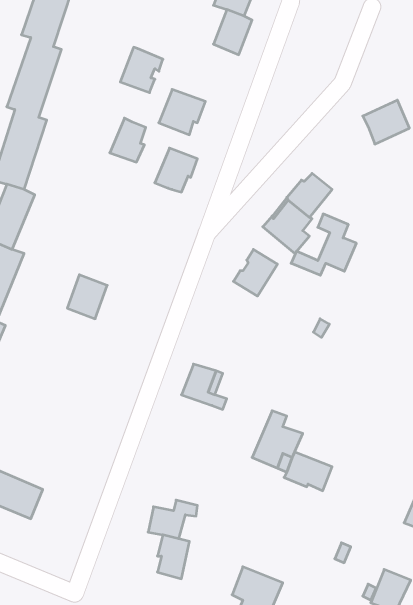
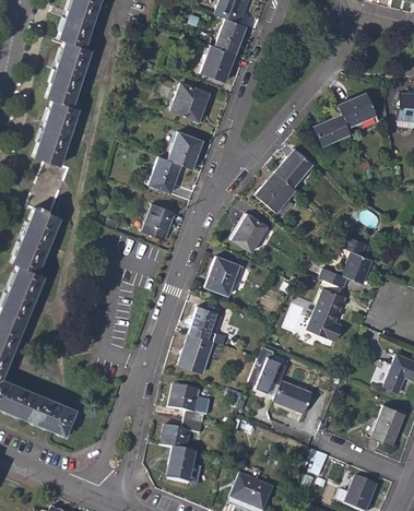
building: [120,47,163,93] -> [201,45,236,82]
building: [110,118,146,162] -> [149,156,178,192]
building: none -> [315,114,350,145]
building: [291,214,356,275] -> [319,237,372,287]
building: [67,275,107,319] -> [143,204,176,240]
building: none -> [210,257,239,295]
building: none -> [308,289,345,340]
building: none -> [179,333,214,373]
building: none -> [170,385,209,424]

